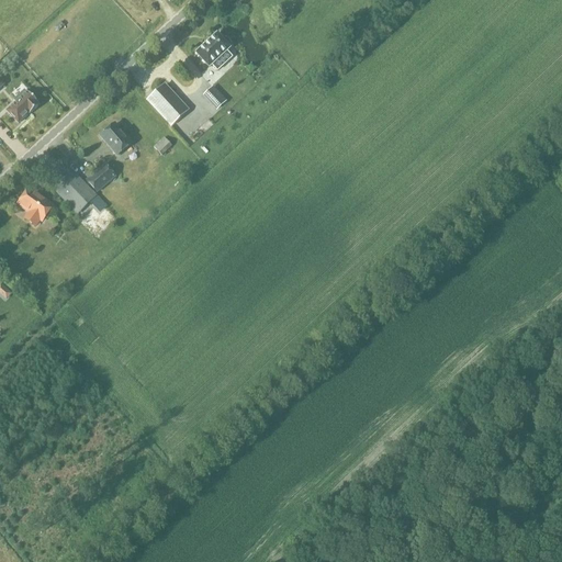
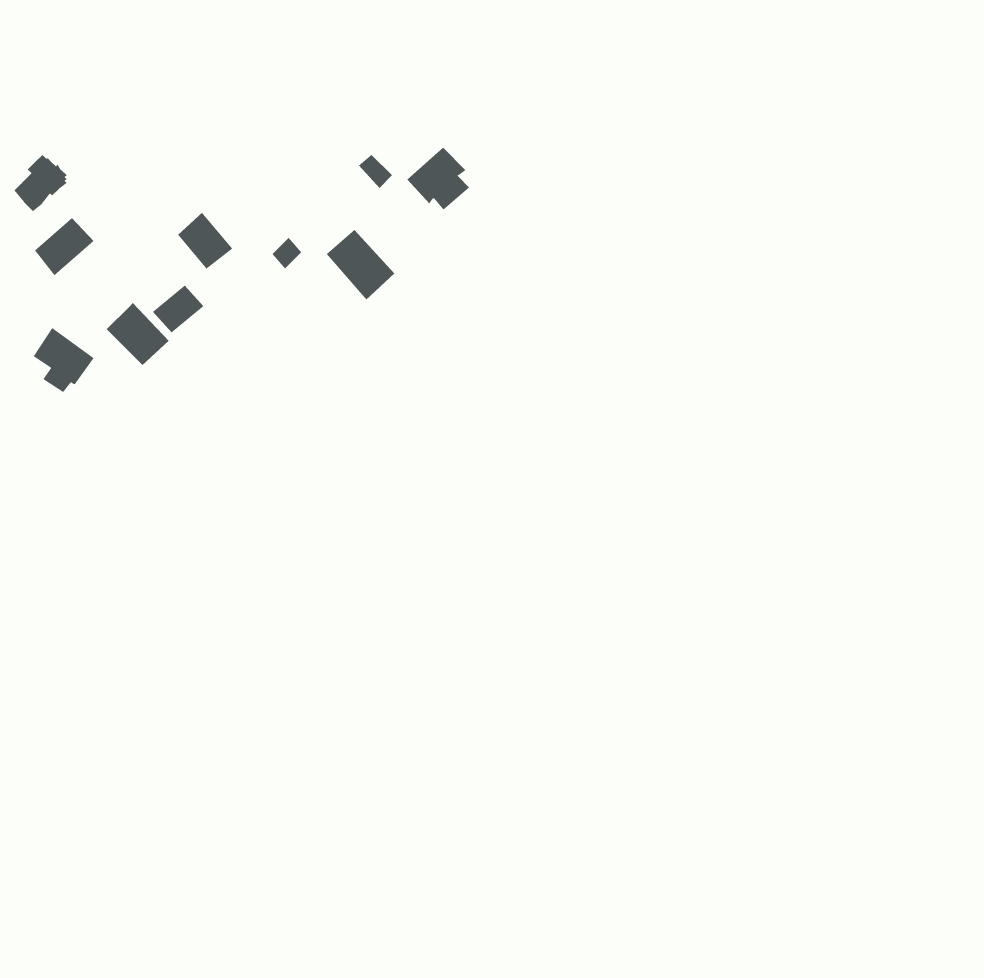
building: [196,32,233,68] -> [406,147,470,210]
building: [148,83,188,124] -> [326,229,395,300]
building: none -> [34,217,95,276]

